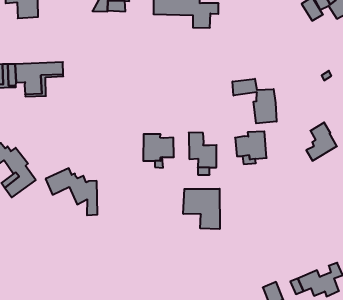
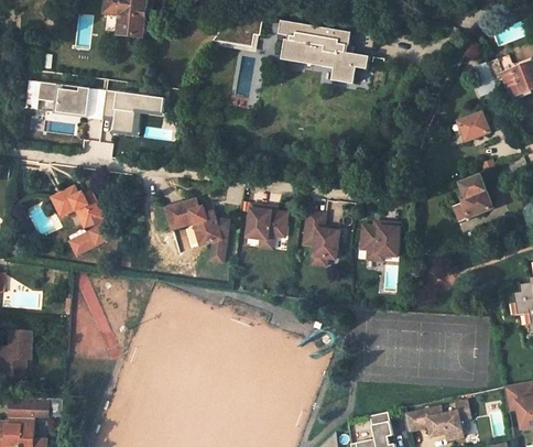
building: none -> [460,113,490,141]
building: [233,79,277,123] -> none
building: [306,122,337,161] -> [455,176,493,221]
building: [46,168,97,215] -> [165,199,228,262]
building: [183,189,220,229] -> none

